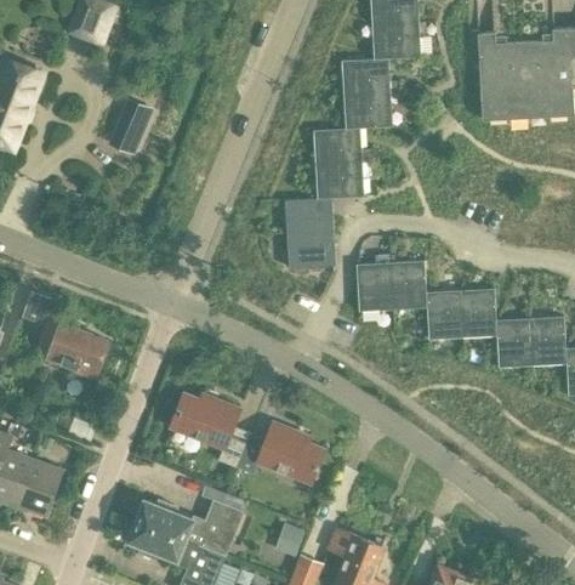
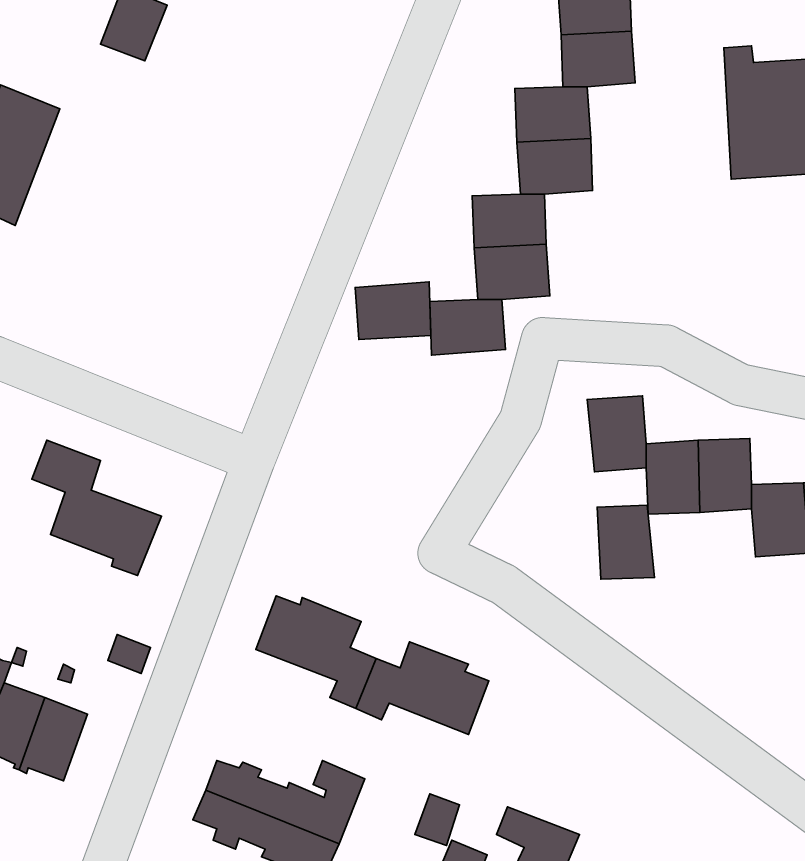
building: [110,98,153,153] -> none
building: [286,231,336,268] -> [355,282,431,339]
building: [355,263,393,312] -> [597,505,655,579]

